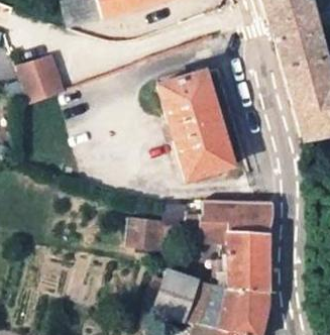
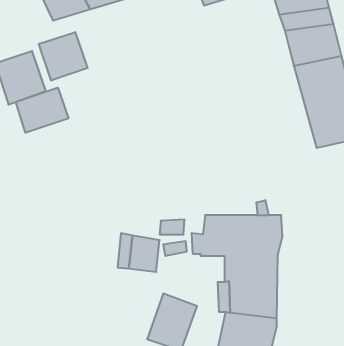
building: none -> [39,32,88,81]
building: [160,73,233,182] -> none
building: none -> [16,88,68,133]

